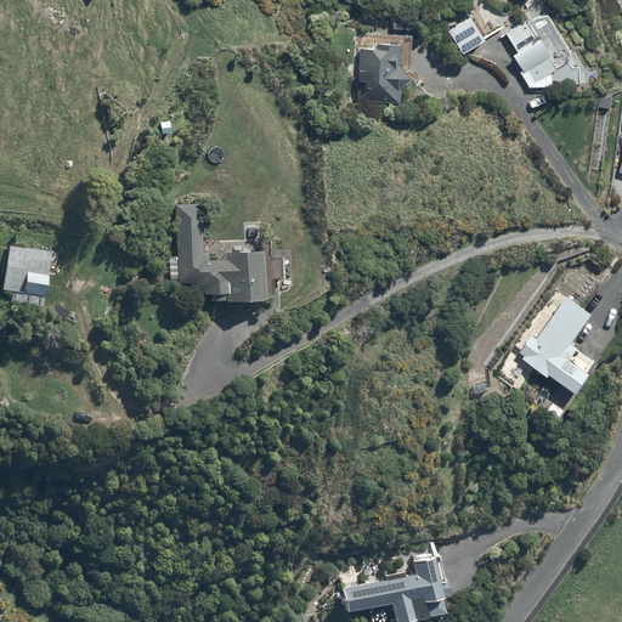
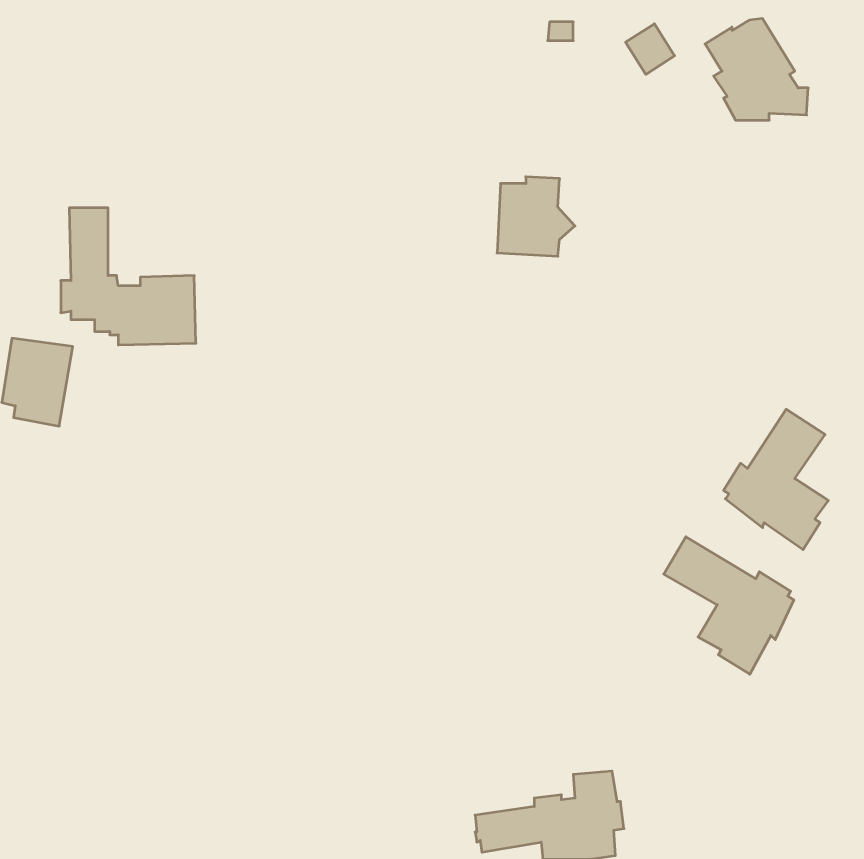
building: [358,44,414,101] -> [497,177,575,256]
building: [169,203,266,301] -> [61,208,196,345]
building: none -> [664,537,794,674]

